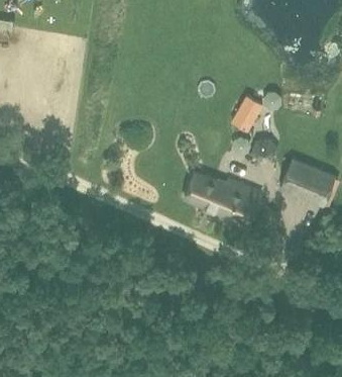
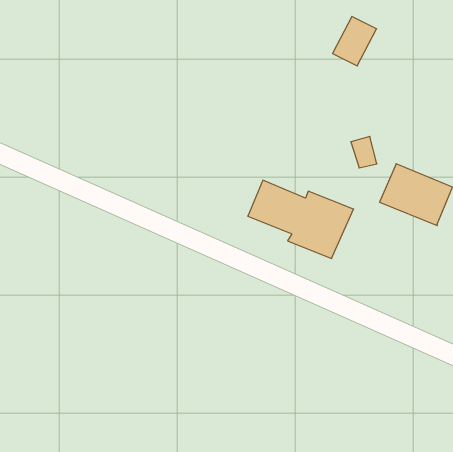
building: [235,94,267,130] -> [333,17,377,66]

